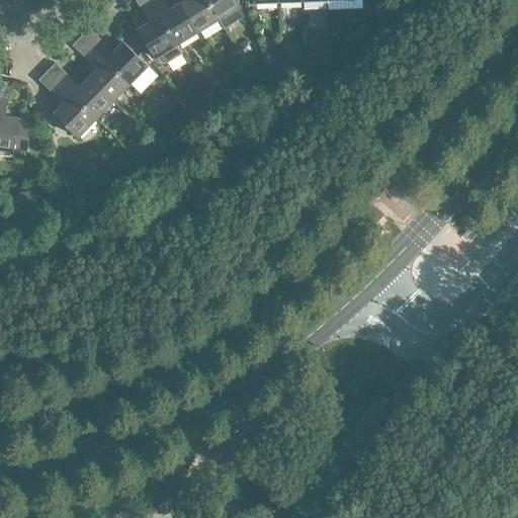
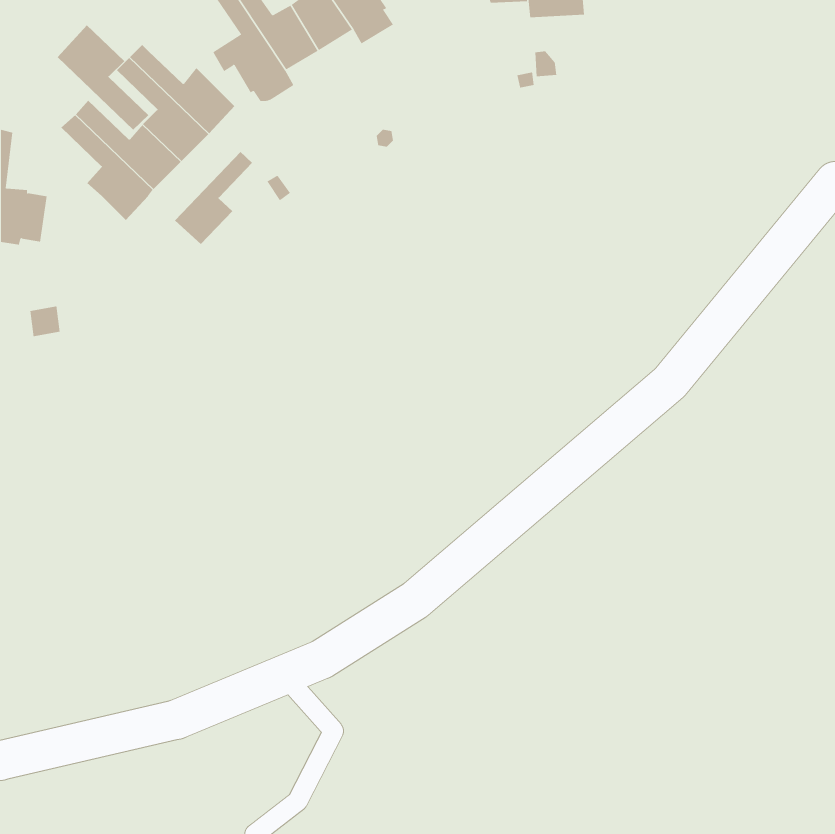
building: none -> [57,25,149,131]
building: none -> [174,151,253,245]

